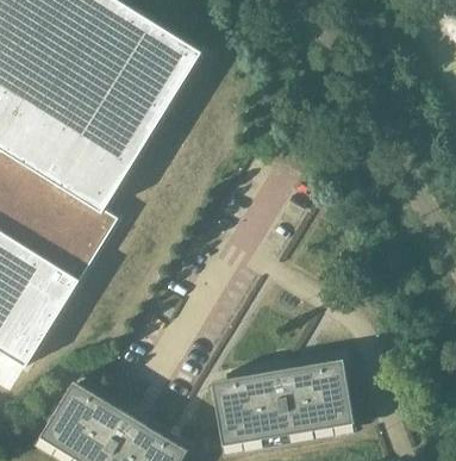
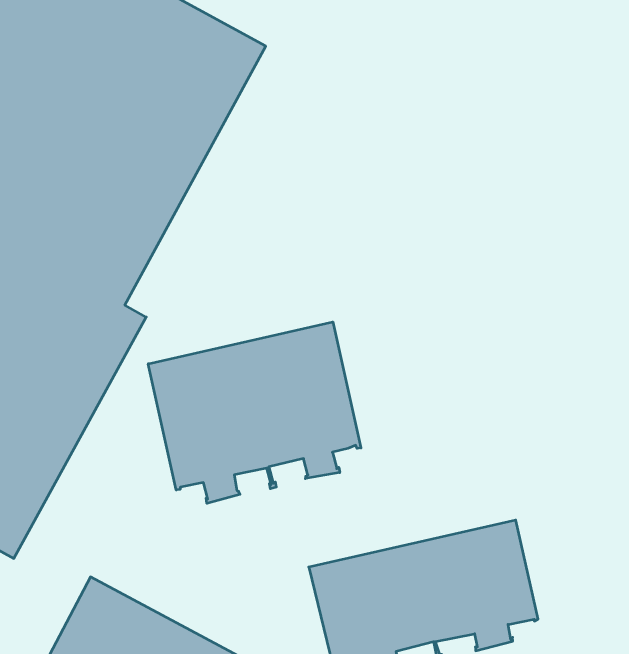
building: none -> [148,322,361,503]

